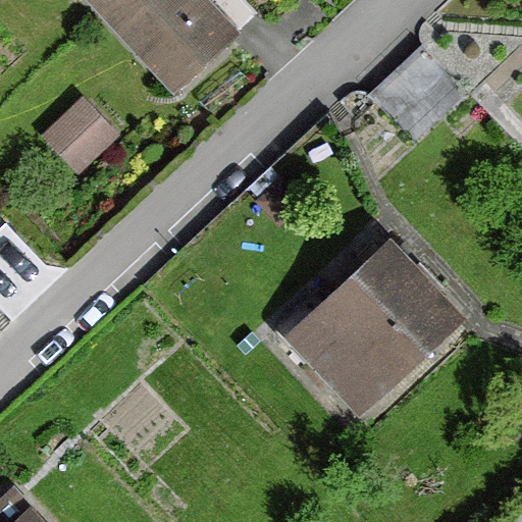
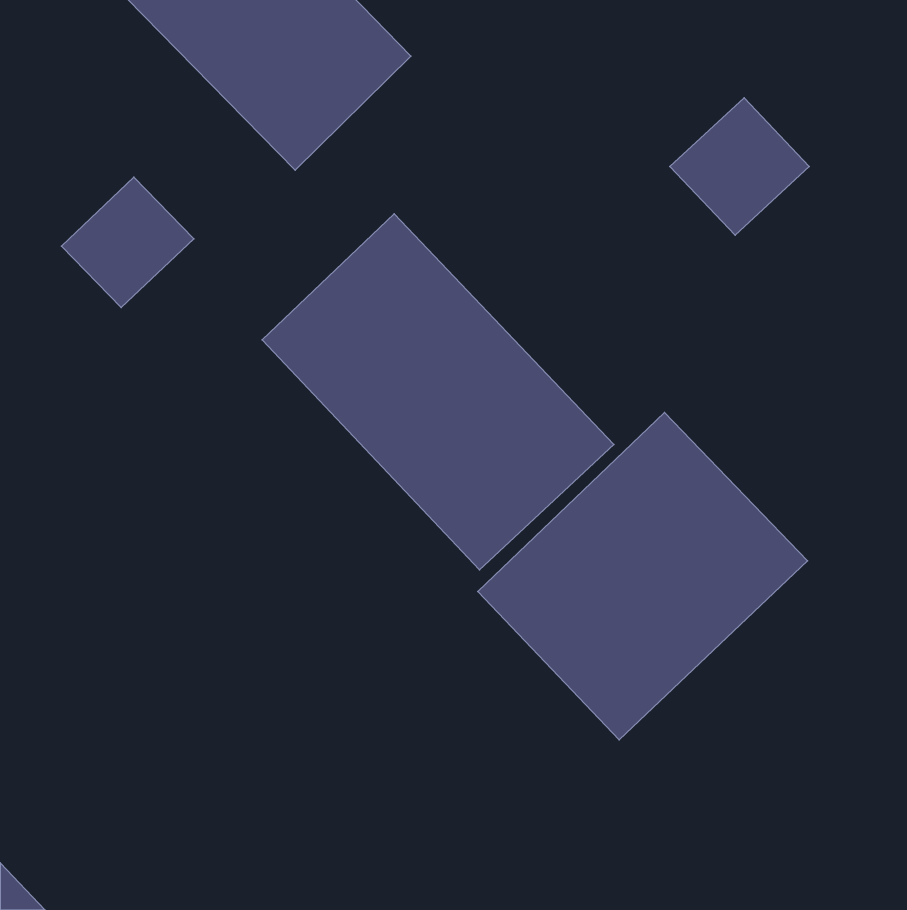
building: none -> [262,214,614,570]

